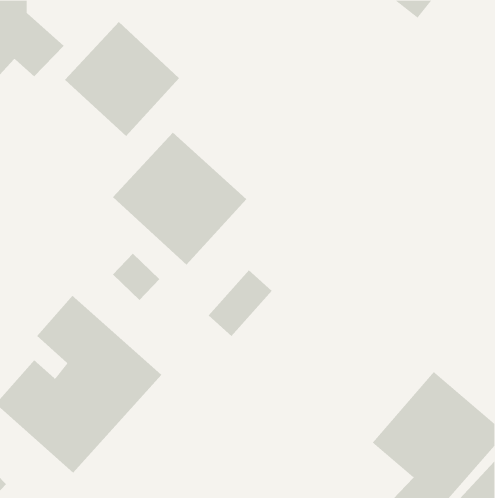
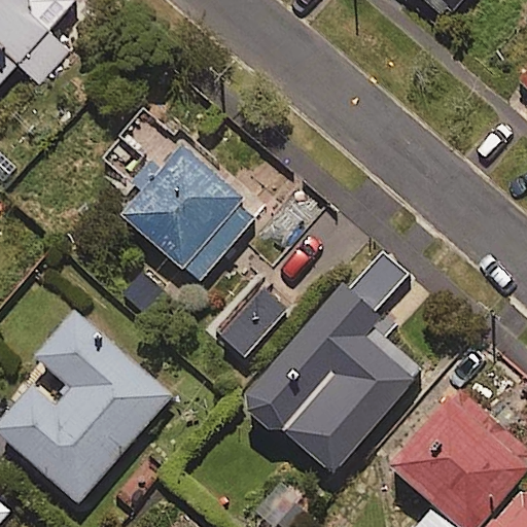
building: [64,21,180,137] -> none
building: none -> [243,252,422,476]

